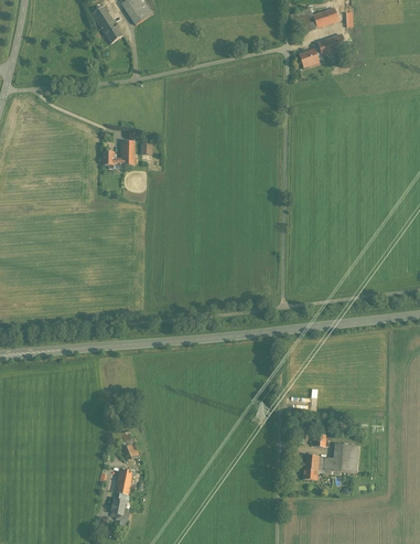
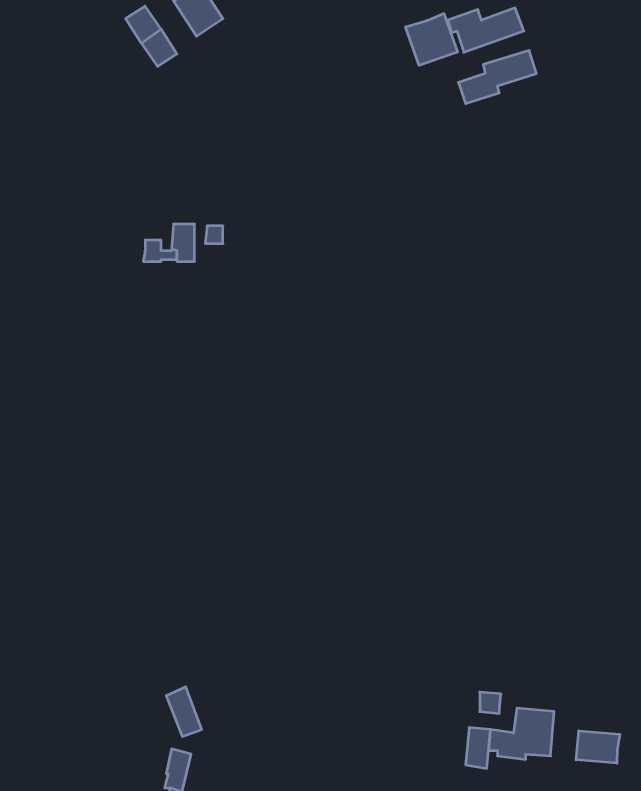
building: none -> [406,14,457,65]
building: none -> [576,731,620,763]

